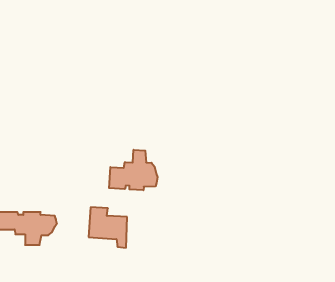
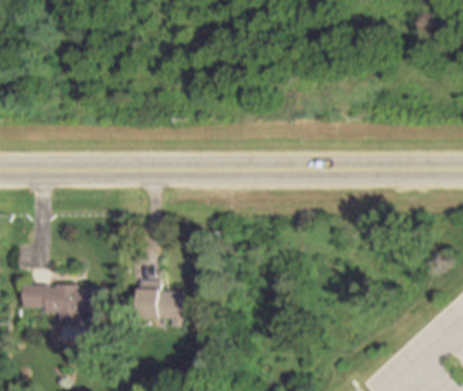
building: [109,150,158,190] -> none

